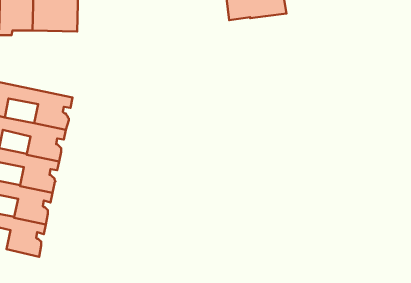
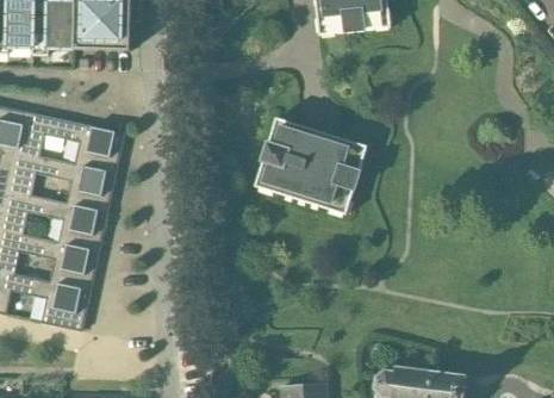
building: none -> [254,117,366,213]

